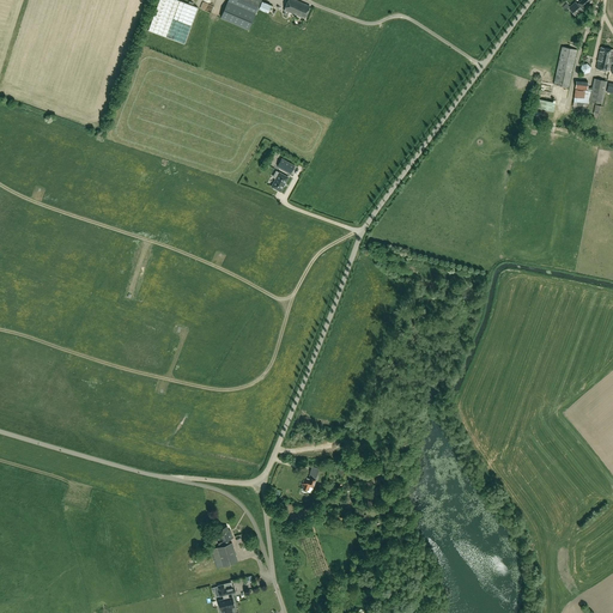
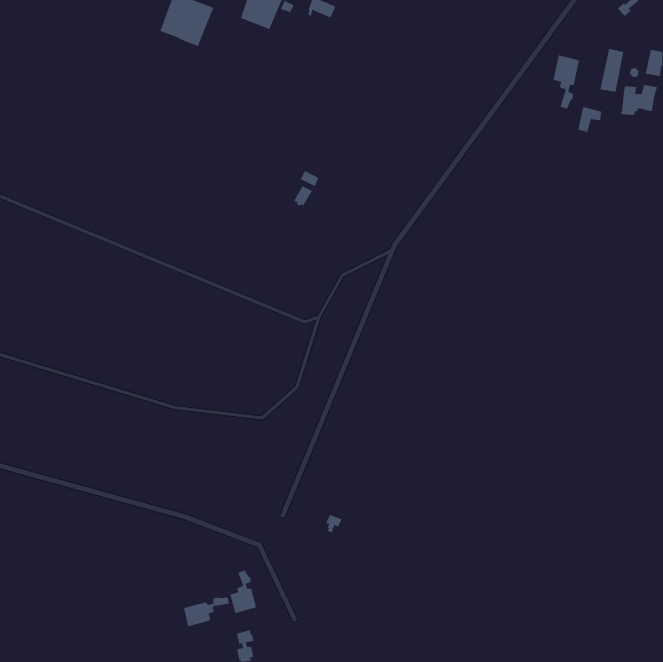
building: none -> [553,55,580,109]
building: none -> [183,596,230,627]

